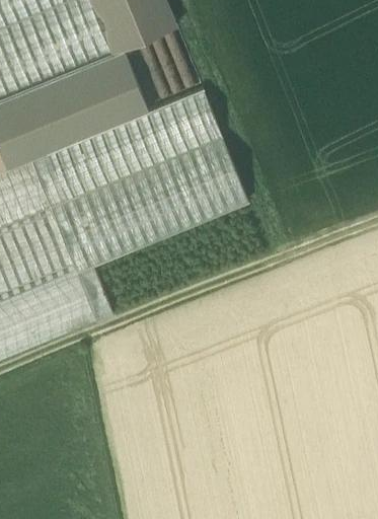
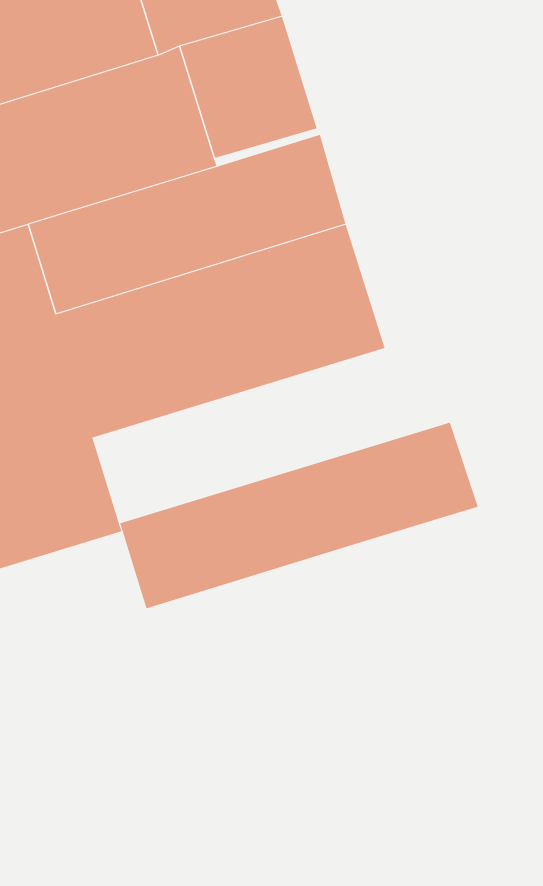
building: none -> [120,422,479,609]

